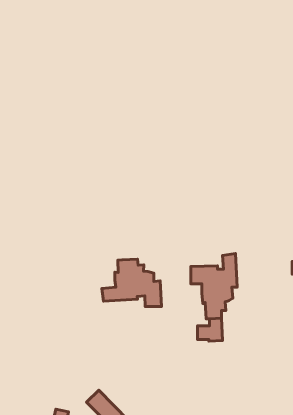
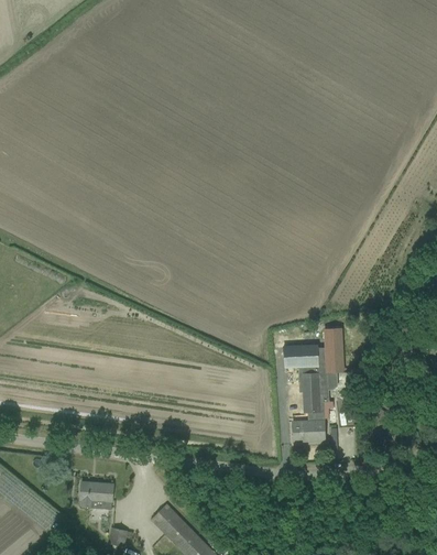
building: [102,259,162,306] -> none
building: none -> [79,481,113,509]

